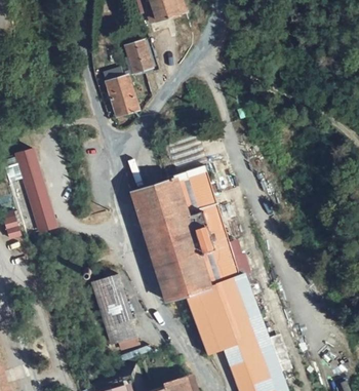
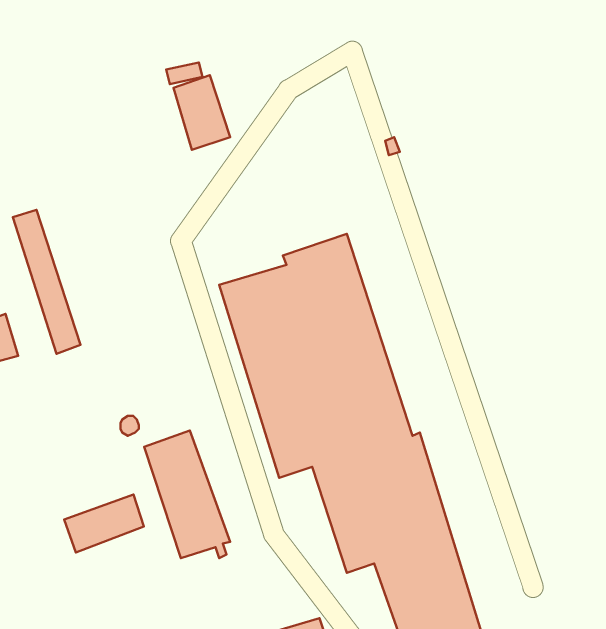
building: [126,39,152,72] -> none
building: none -> [64,495,144,553]

